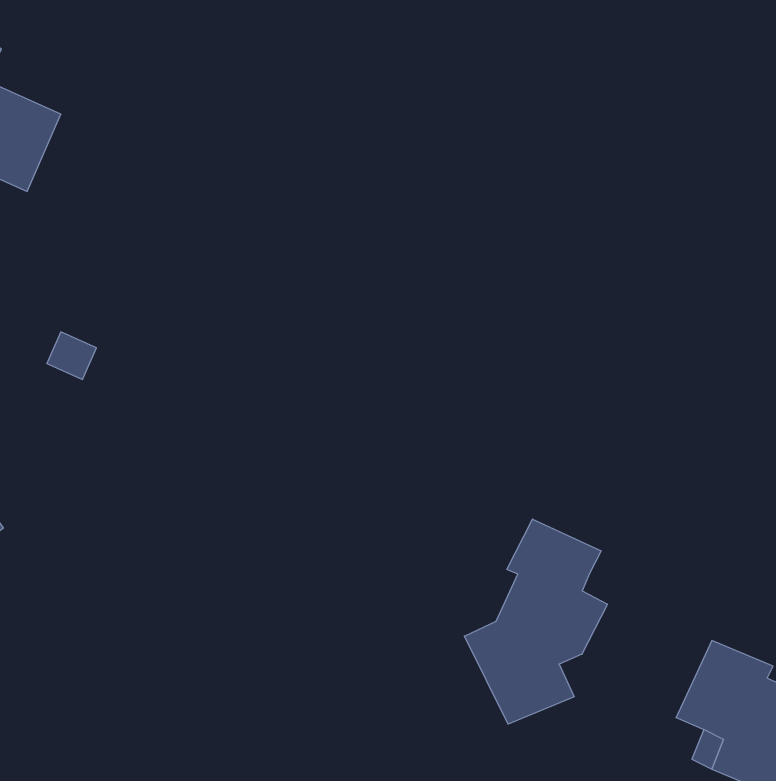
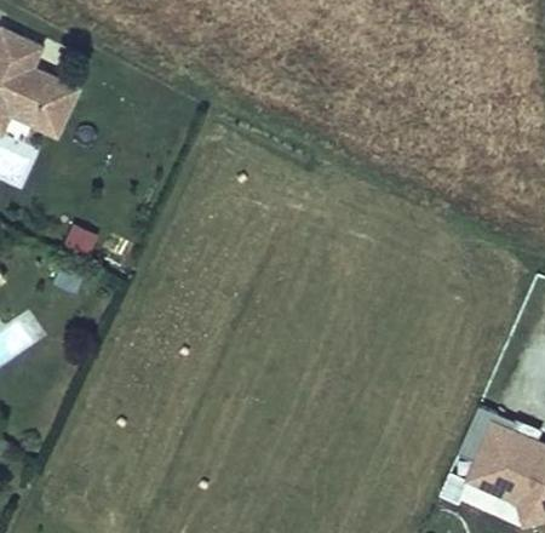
building: [464,519,607,724] -> none

